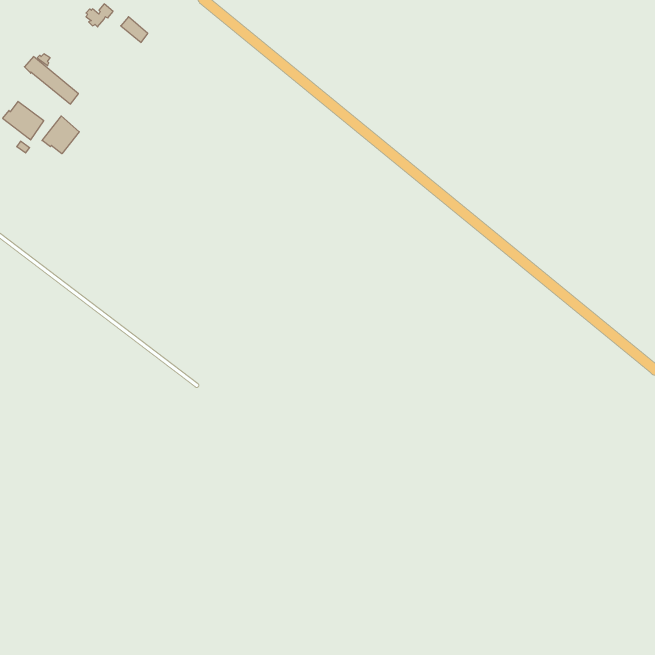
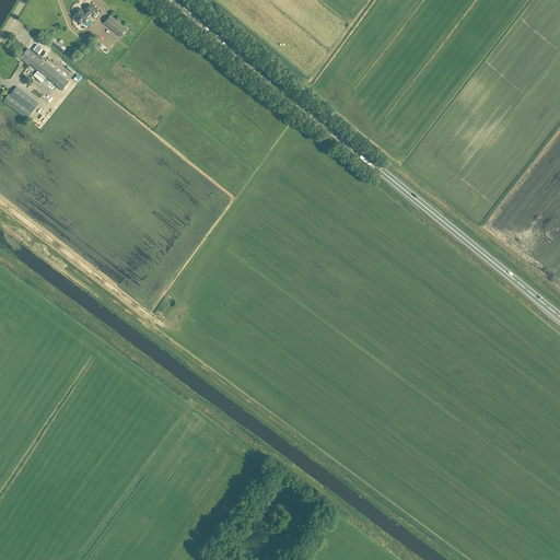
building: [42,116,79,154] -> none

